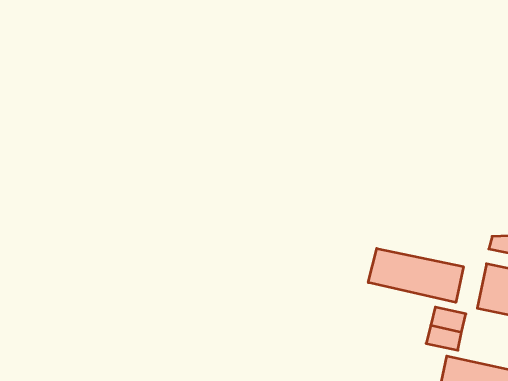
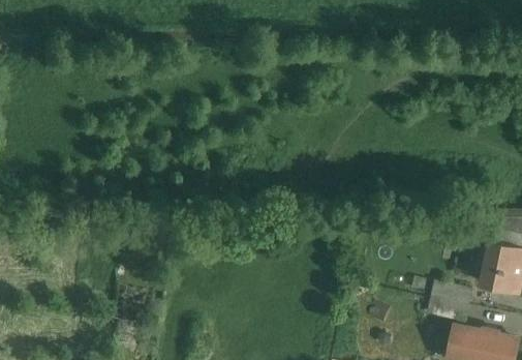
building: [368,248,463,302] -> none

